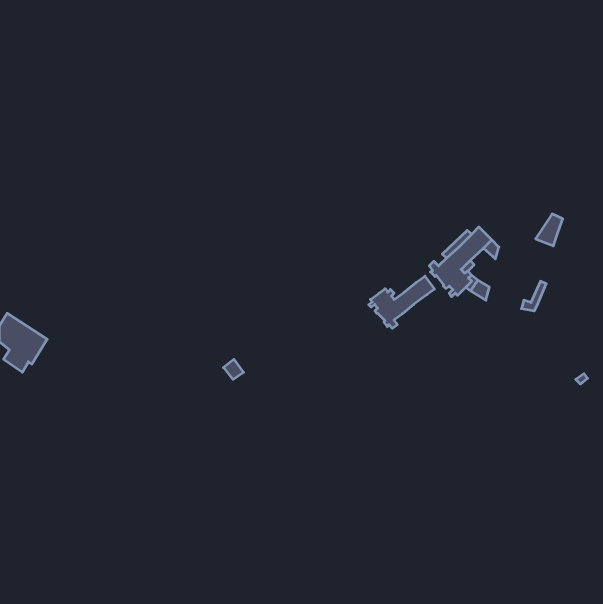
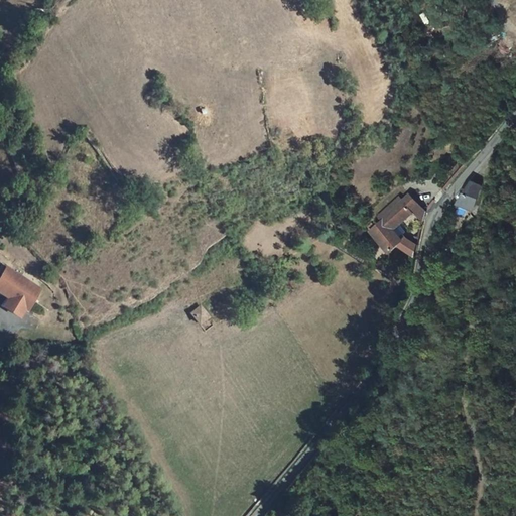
building: [369,276,434,328] -> none

